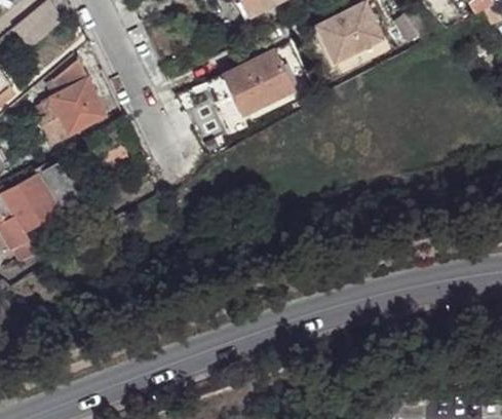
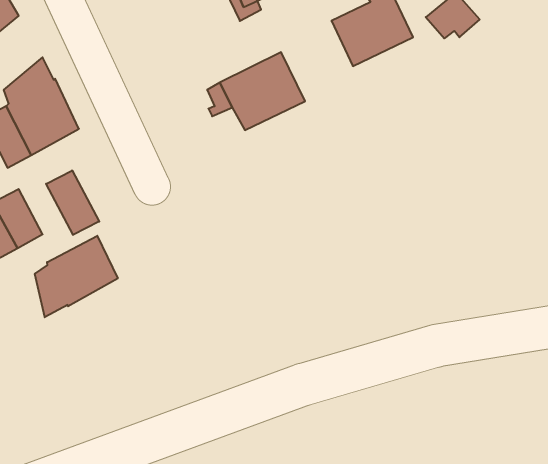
building: none -> [46,170,99,235]
building: none -> [35,236,118,317]

